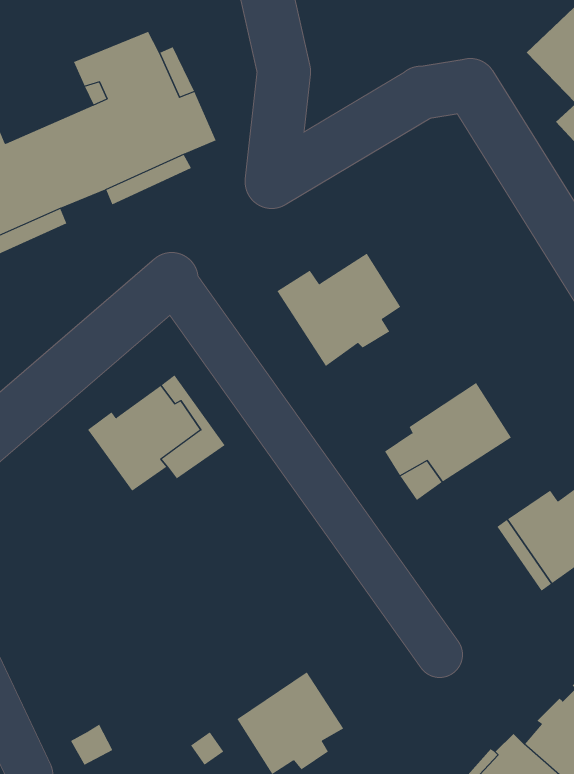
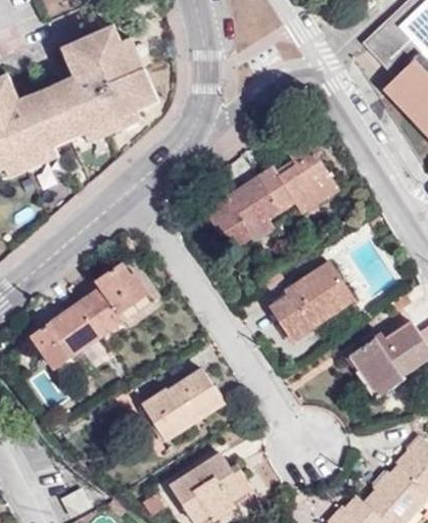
building: none -> [258,131,338,213]
building: none -> [31,293,102,369]
building: none -> [143,369,222,439]

